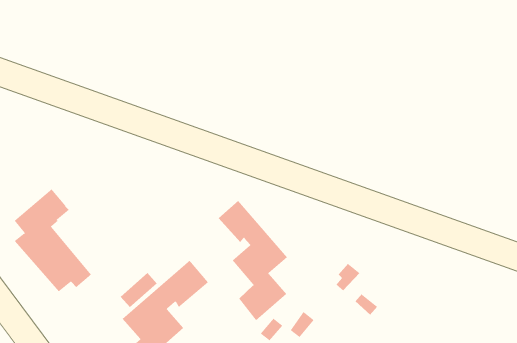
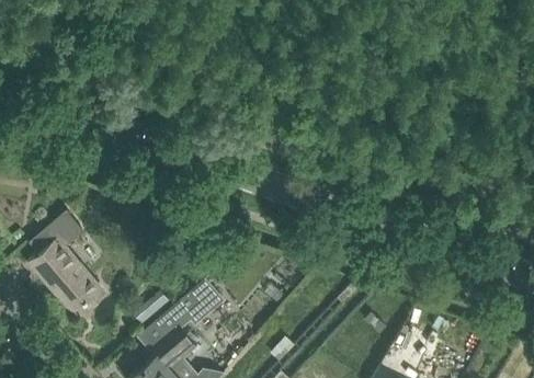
building: [218,200,288,321] -> none

